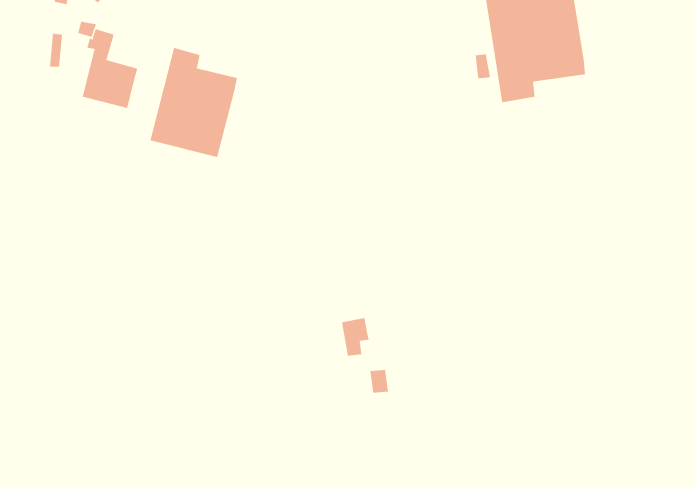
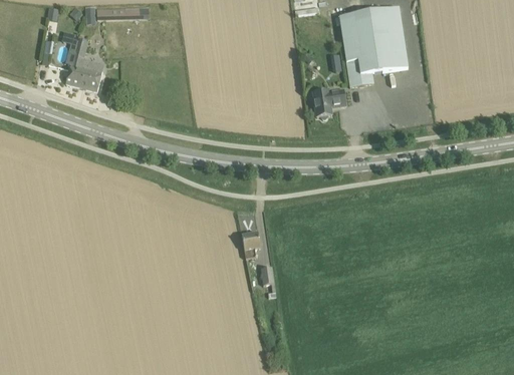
building: [150,47,238,158] -> none
building: none -> [313,89,345,116]

